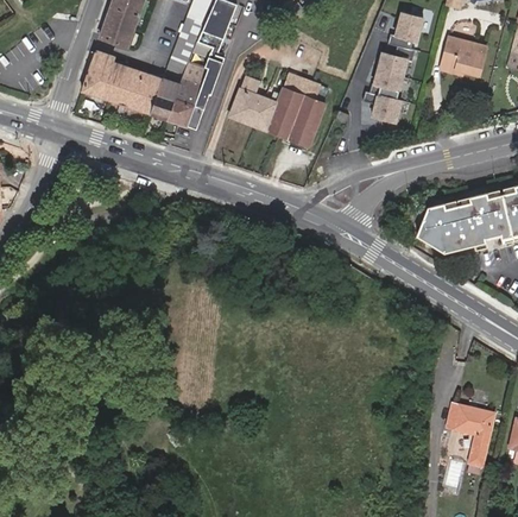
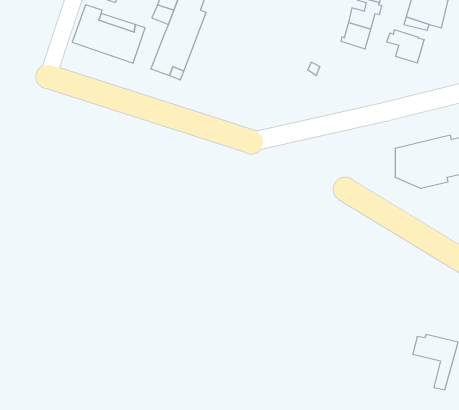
building: [229,75,324,149] -> none
building: [146,76,179,120] -> none
building: [361,90,402,126] -> [387,30,424,63]

